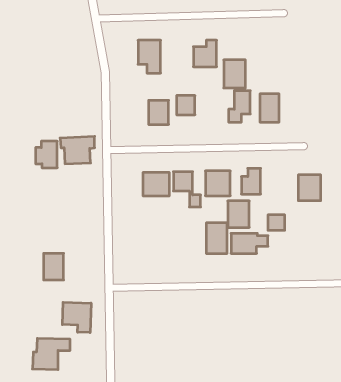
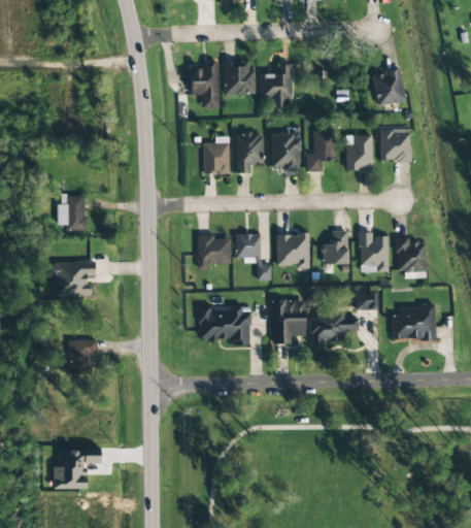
building: none -> [225,62,255,94]
building: none -> [373,69,405,105]
building: [224,60,245,88] -> [272,133,300,169]
building: none -> [381,129,409,161]
building: [60,136,95,164] -> [53,261,97,296]
building: [228,201,249,227] -> [361,233,389,267]
building: none -> [199,304,249,343]
building: none -> [393,304,435,339]
building: [62,302,91,333] -> none

